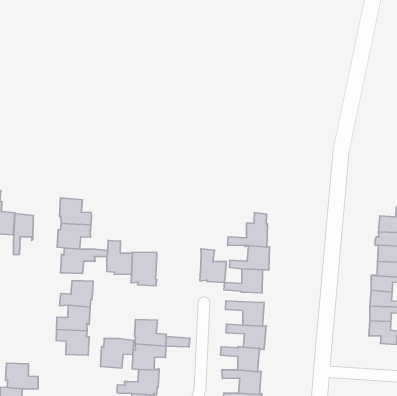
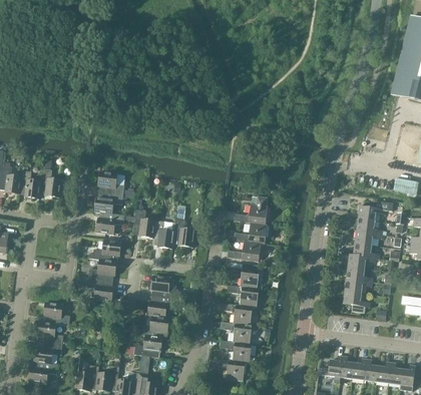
building: [13,214,34,255] -> none
building: [200,249,226,283] -> [172,218,195,247]
building: [101,338,134,368] -> none

